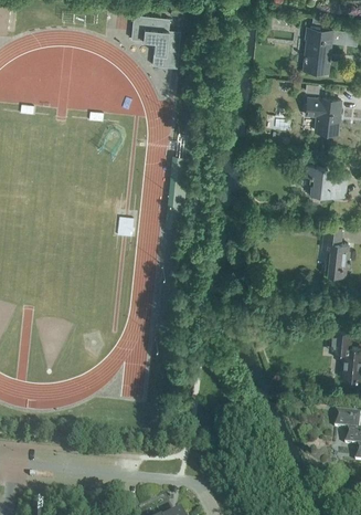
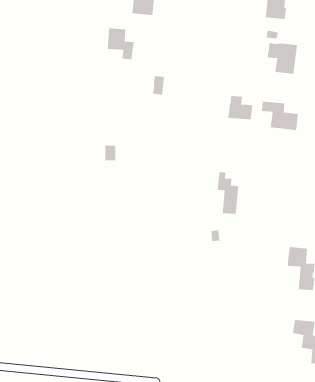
building: none -> [107,28,134,60]
building: none -> [228,95,253,120]
building: [322,230,348,278] -> [217,171,239,214]

